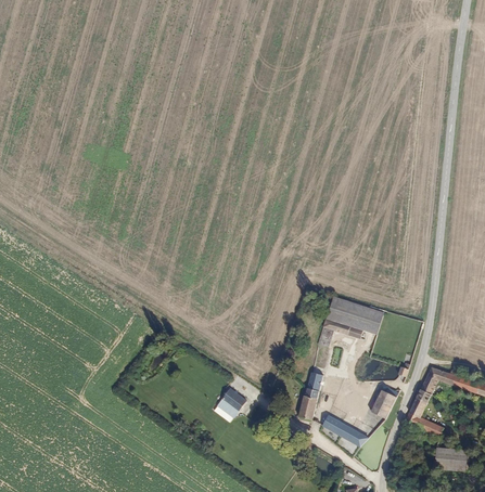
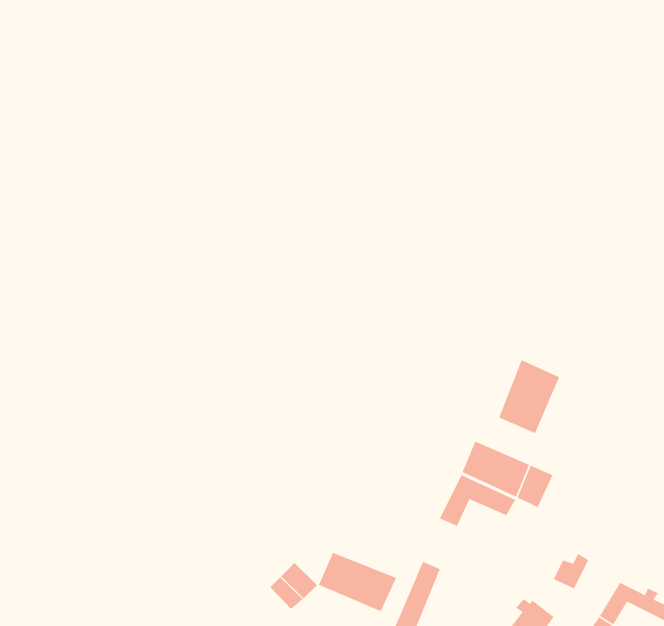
building: none -> [498,359,560,434]
building: none -> [318,552,397,612]

